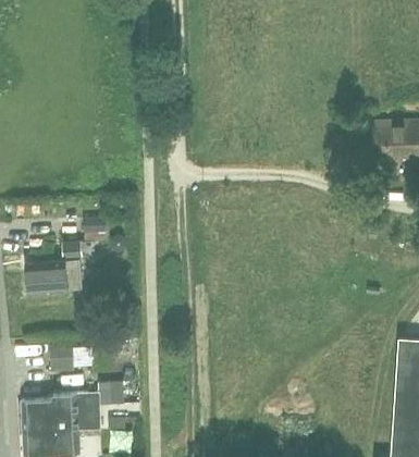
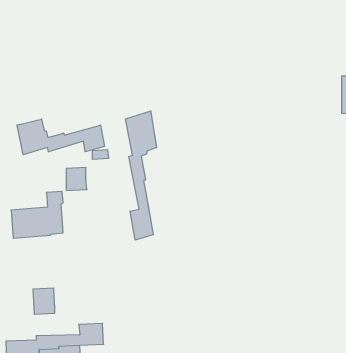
building: none -> [126,111,157,240]
building: none -> [17,119,104,155]

